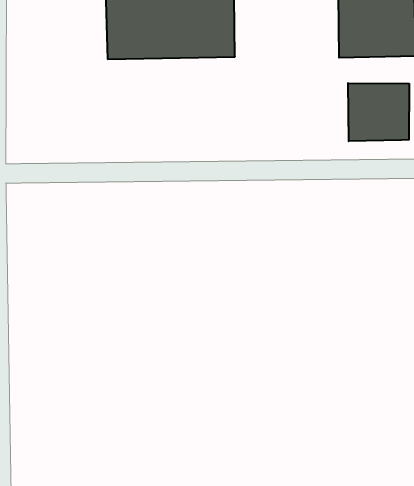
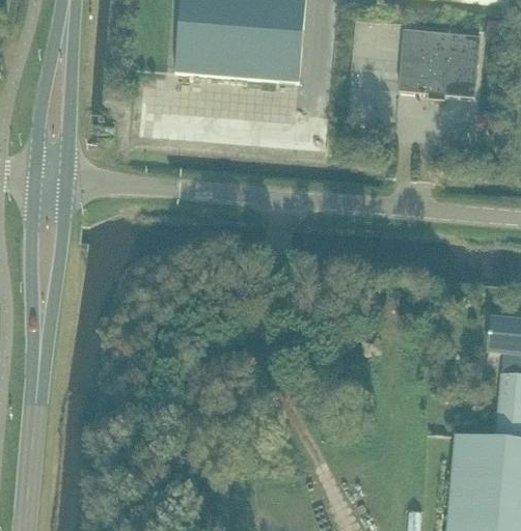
building: [348,83,409,141] -> none

